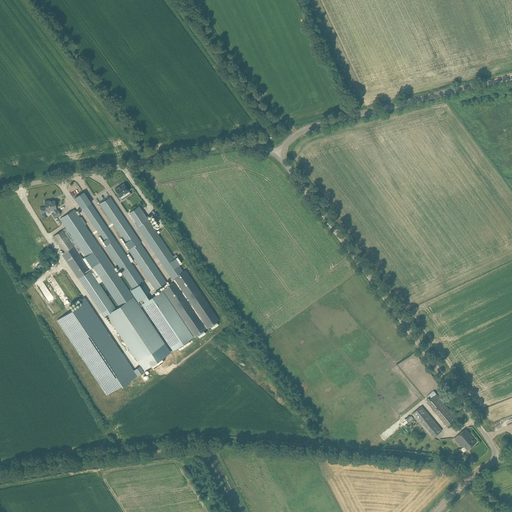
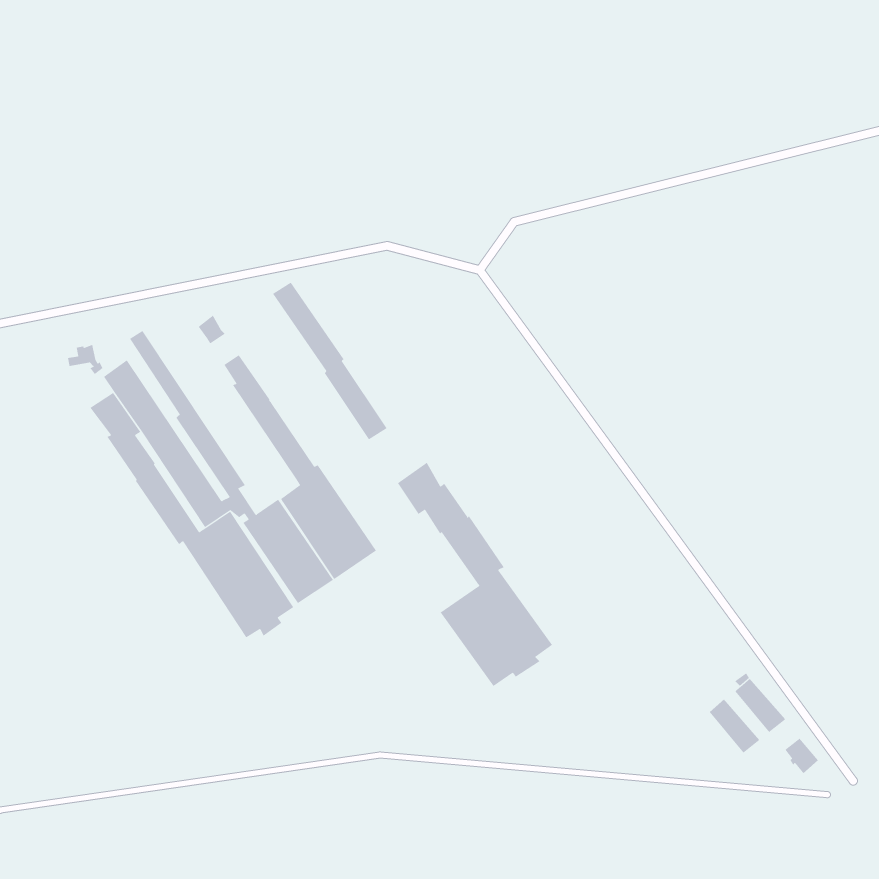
building: [99,197,166,289] -> [272,282,387,440]
building: none -> [397,462,553,687]
building: [57,298,137,394] -> none

